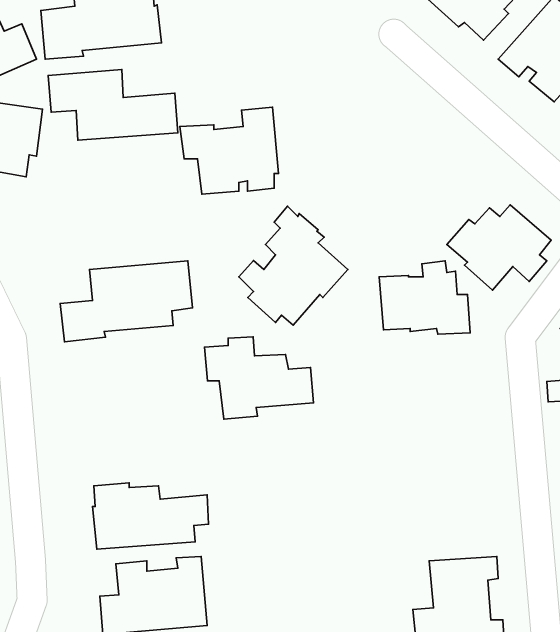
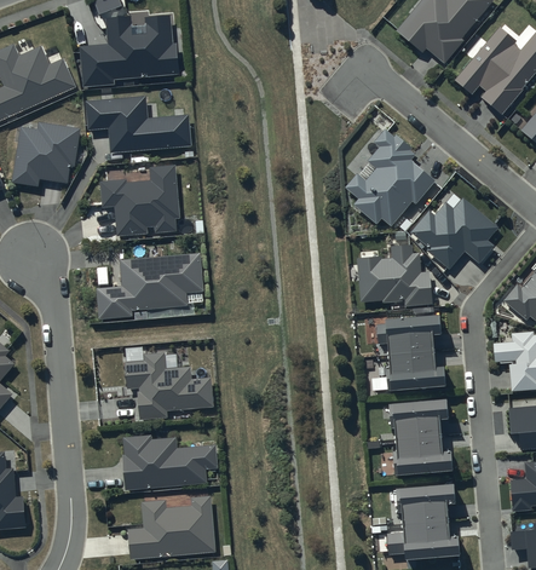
building: [180,107,278,194] -> [98,162,179,234]
building: [239,206,348,325] -> [346,134,436,232]
building: [205,337,313,419] -> [123,351,213,419]
building: none -> [377,323,445,398]
building: none -> [392,409,454,484]

